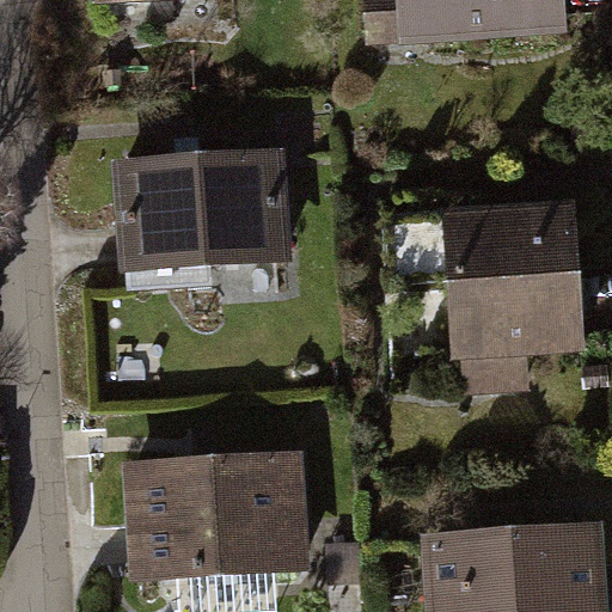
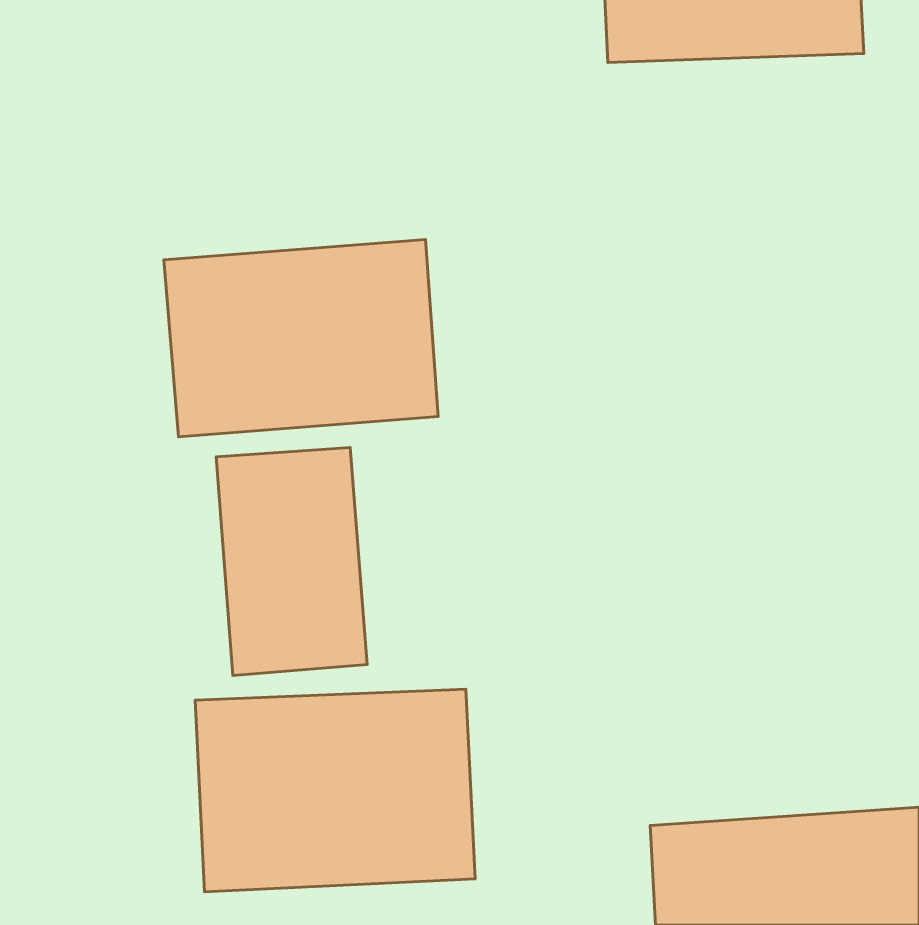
building: [445,214,586,363] -> none
building: none -> [216,447,367,676]

